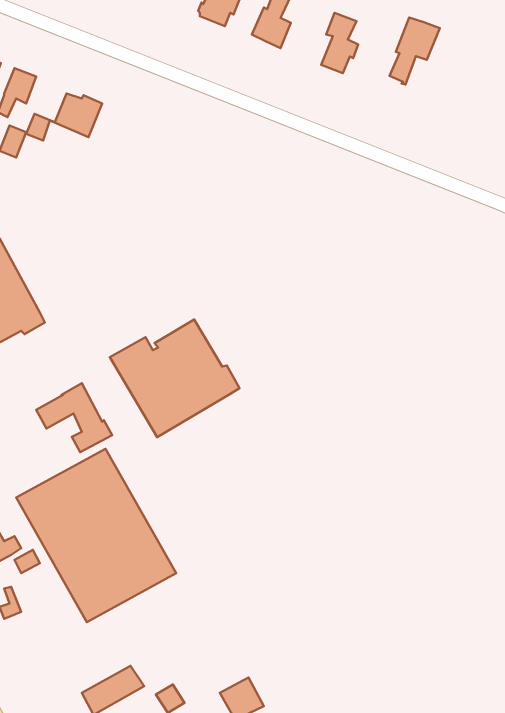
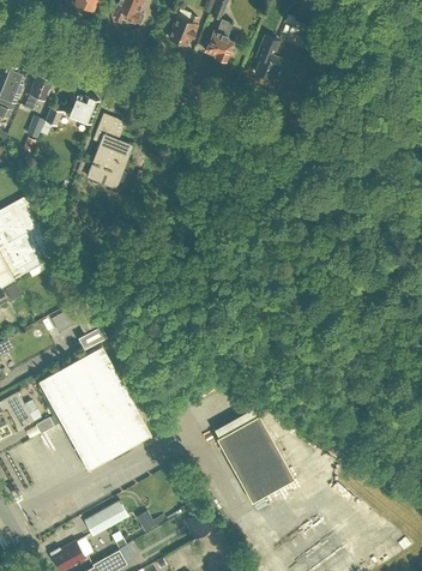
building: [390,17,440,85] -> none
building: none -> [86,114,129,188]
building: [110,320,239,437] -> none
building: none -> [216,415,294,503]

